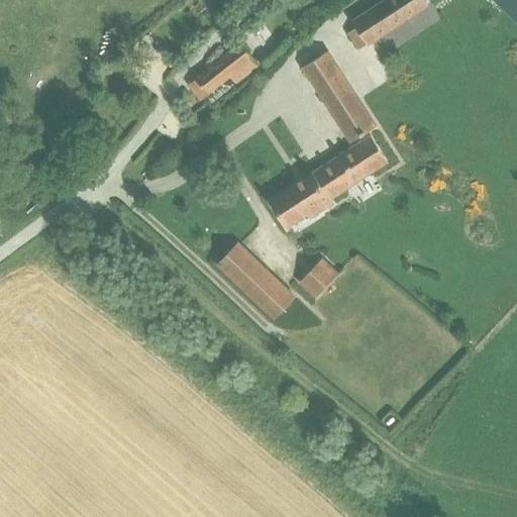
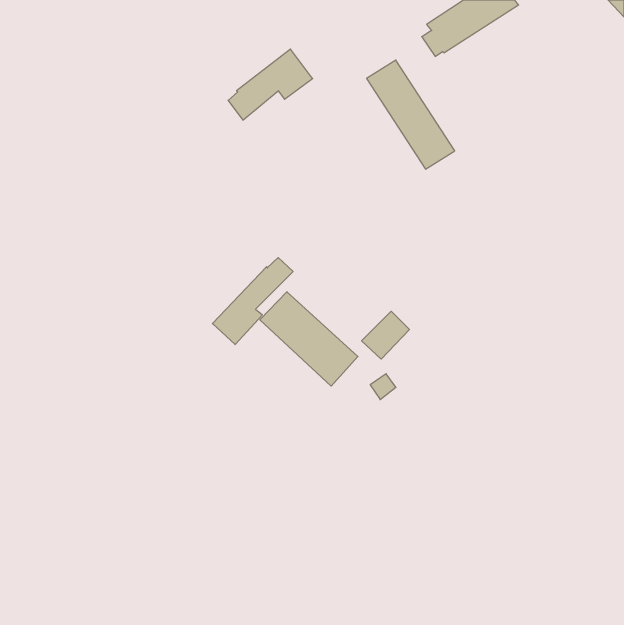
building: [267,133,387,228] -> none
building: none -> [212,258,293,345]

